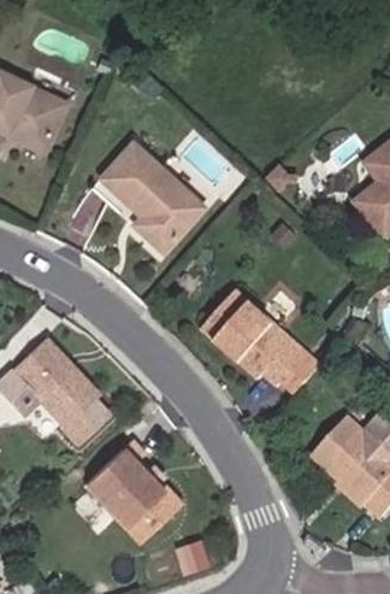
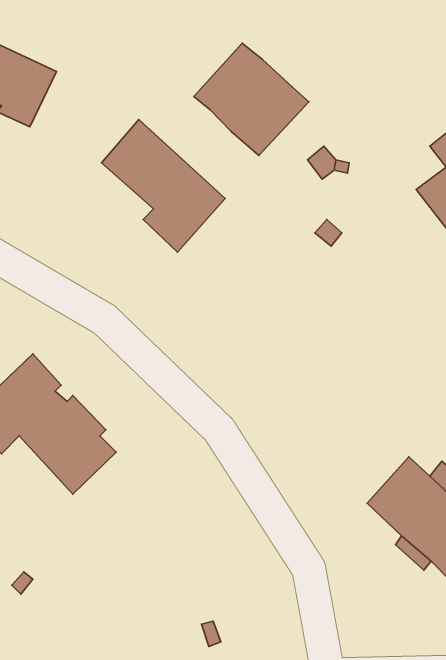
building: none -> [194,43,309,156]
building: [202,288,320,393] -> none
building: [83,439,179,542] -> none

